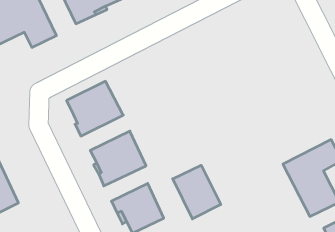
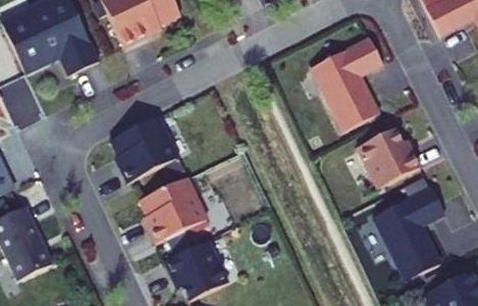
building: none -> [310,38,381,131]
building: none -> [356,128,420,188]
building: [173,165,221,219] -> none

